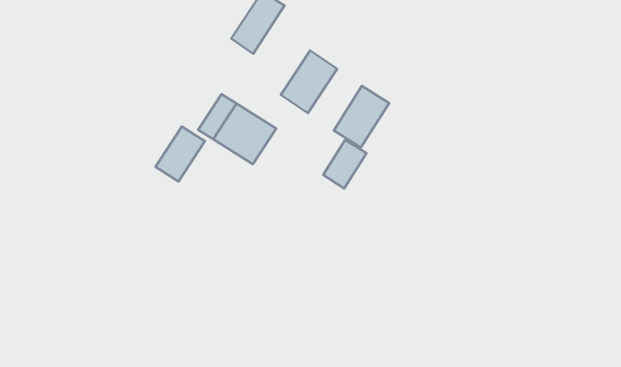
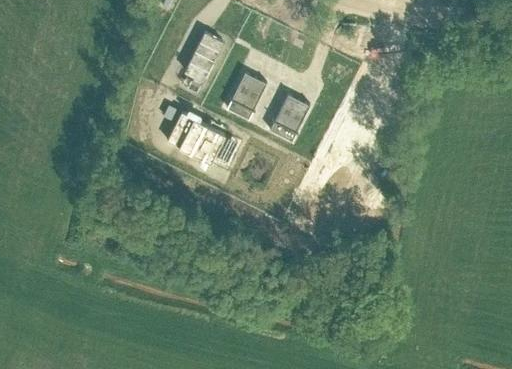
building: [156,127,205,182] -> none
building: [323,140,366,188] -> none

